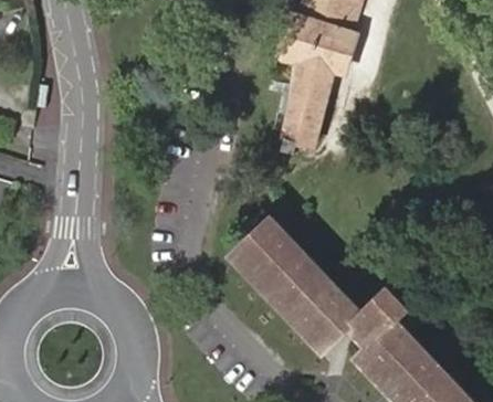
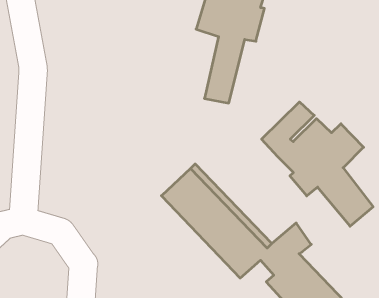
building: none -> [262,102,373,226]

